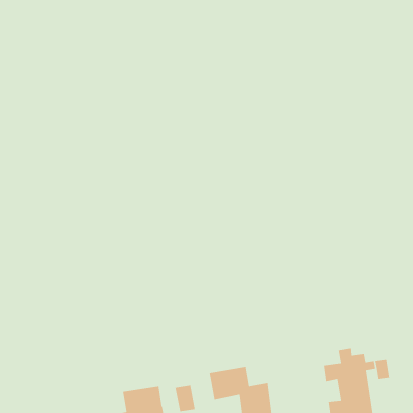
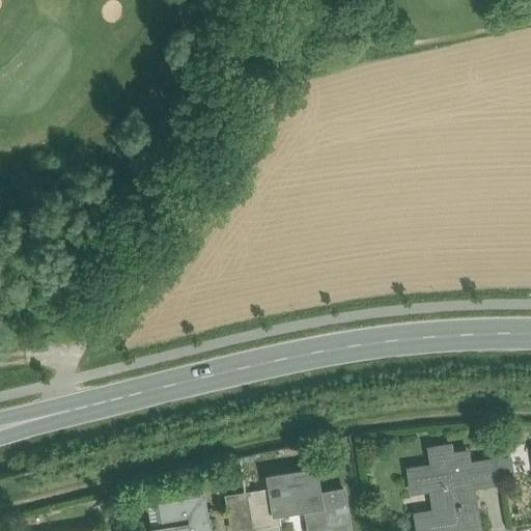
building: none -> [245,490,276,526]

